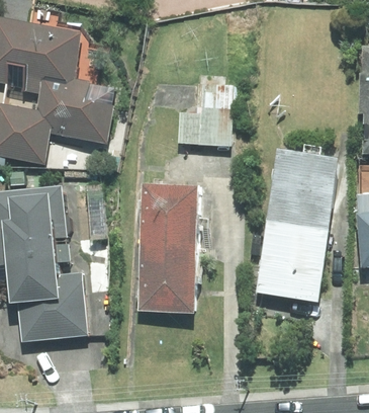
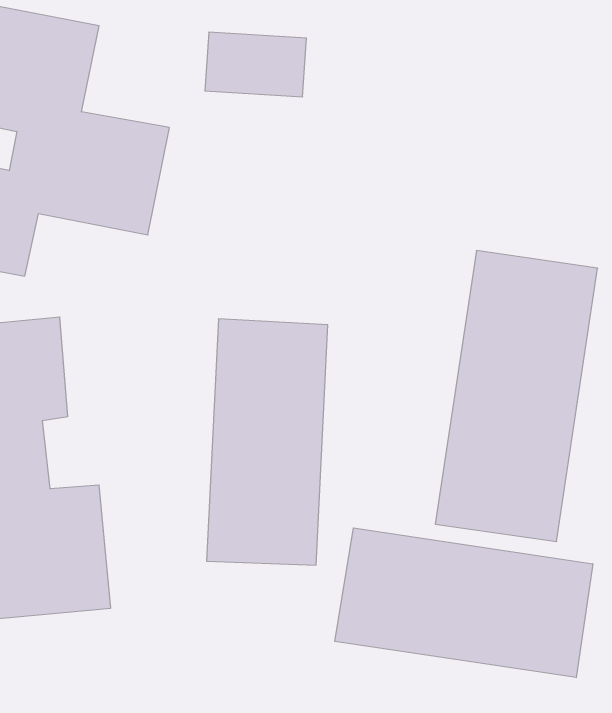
building: [177,110,229,144] -> [205,32,306,97]
building: none -> [335,528,593,678]

